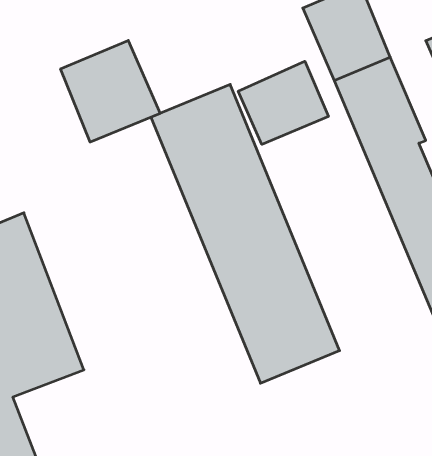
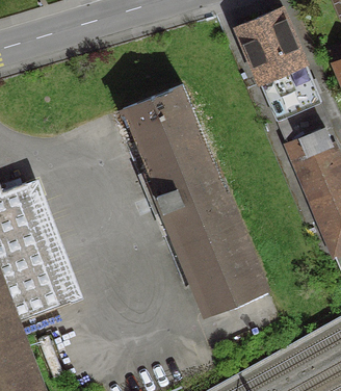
building: [61,40,160,142] -> none
building: [238,61,328,144] -> none

